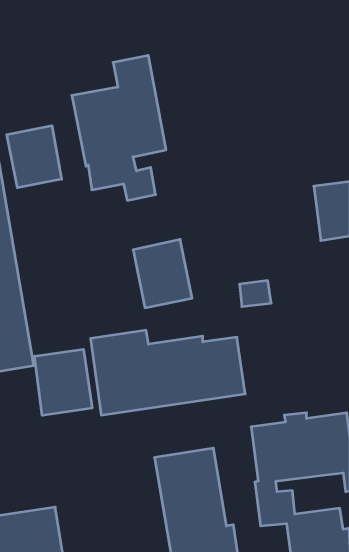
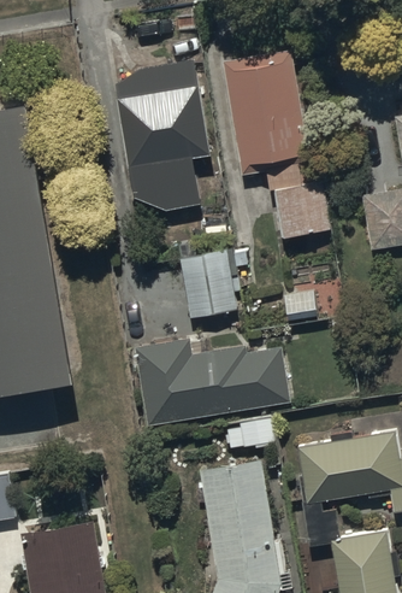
building: none -> [221,53,329,245]
building: [7,126,62,188] -> none
building: [35,349,92,415] -> none

